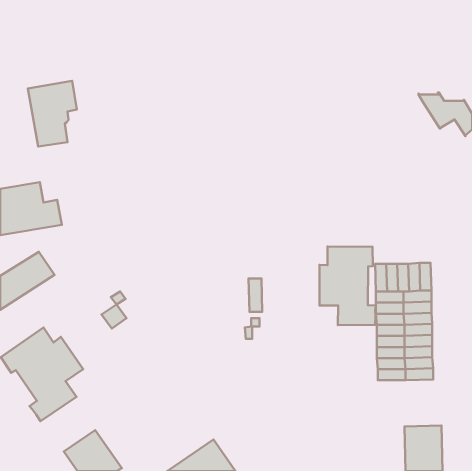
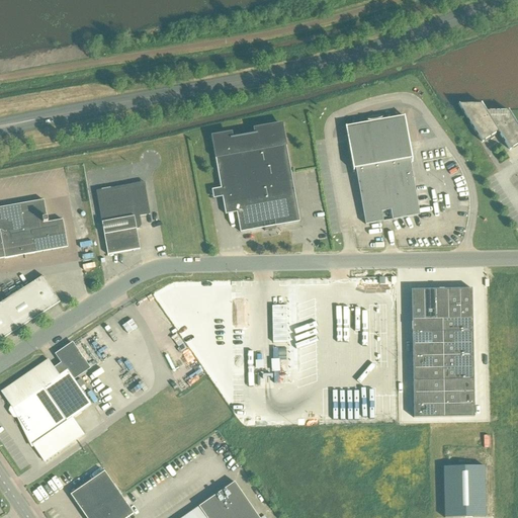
building: [28,81,77,147] -> [96,181,150,253]
building: none -> [346,116,420,224]
building: none -> [212,124,299,231]
building: [320,247,376,325] -> none
building: [102,304,127,328] -> [56,342,83,368]

